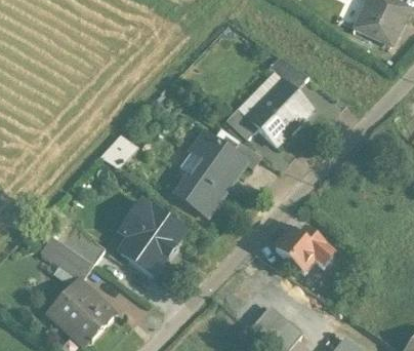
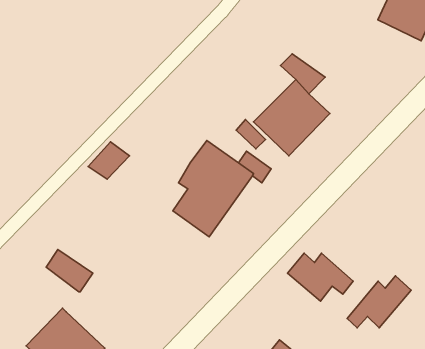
building: [120,201,183,276] -> none
building: [40,236,92,283] -> none
building: none -> [347,276,411,328]

